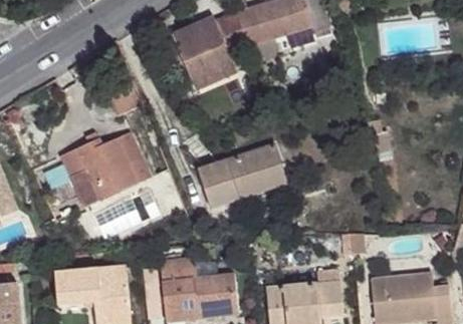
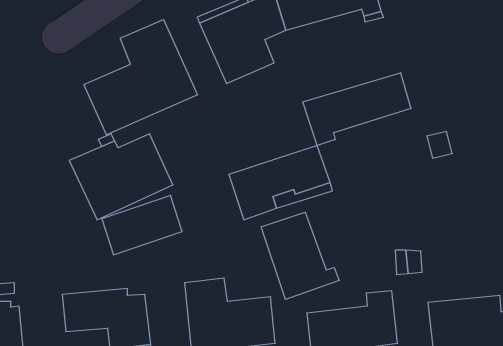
building: none -> [84,20,197,135]
building: none -> [303,73,411,145]
building: none -> [261,212,339,299]

